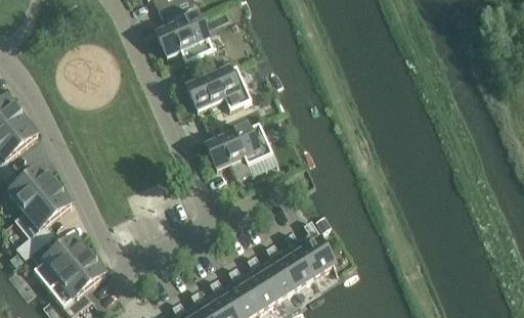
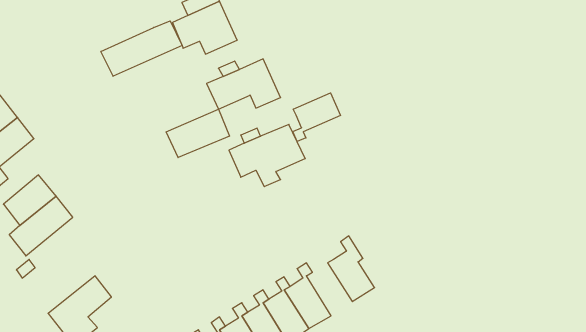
building: none -> [101,21,182,76]
building: none -> [293,93,340,142]
building: none -> [166,109,230,158]
building: [274,230,314,287] -> none
building: [34,234,90,285] -> none

